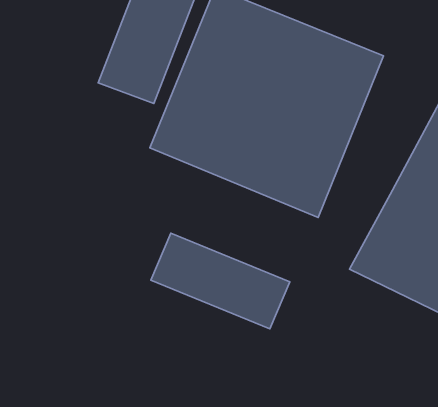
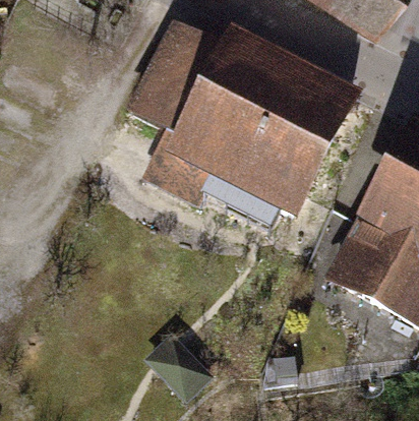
building: [151,233,290,329] -> none

